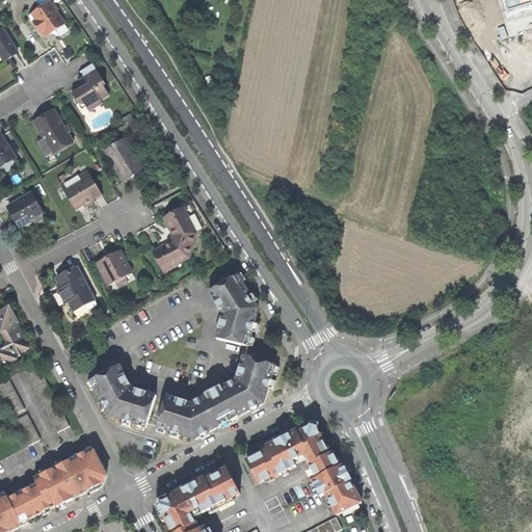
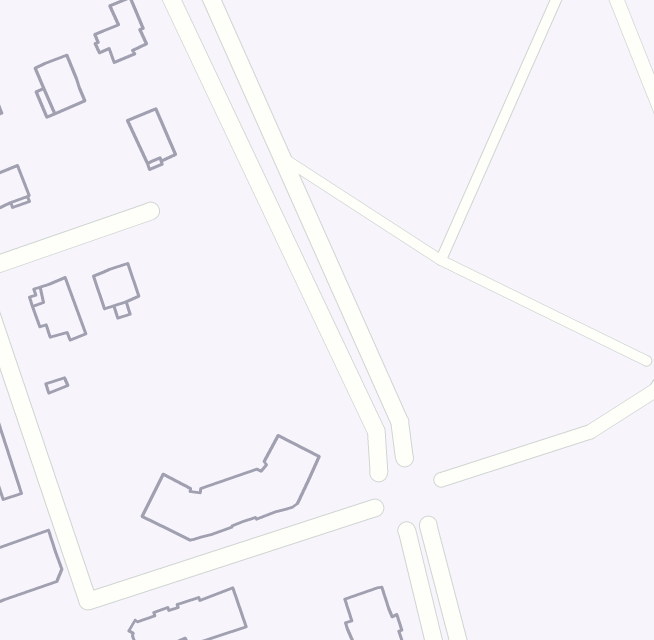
building: [63,167,100,206] -> none
building: [152,205,196,269] -> none
building: [208,272,257,344] -> none
building: [89,363,155,425] -> none
building: [245,419,329,481] -> none

